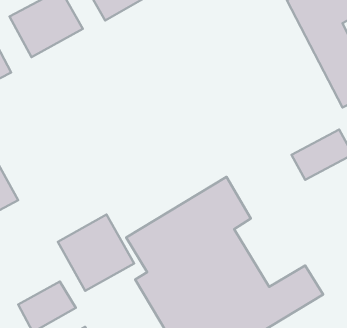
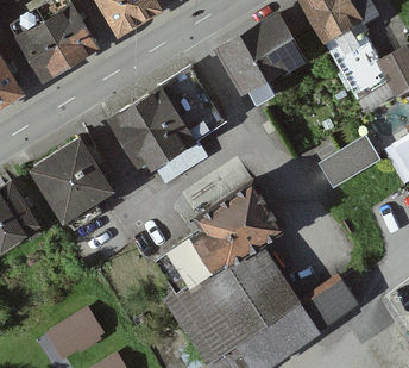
building: none -> [213,11,307,95]
building: none -> [101,67,225,181]
building: [58,214,134,291] -> [31,137,111,217]

